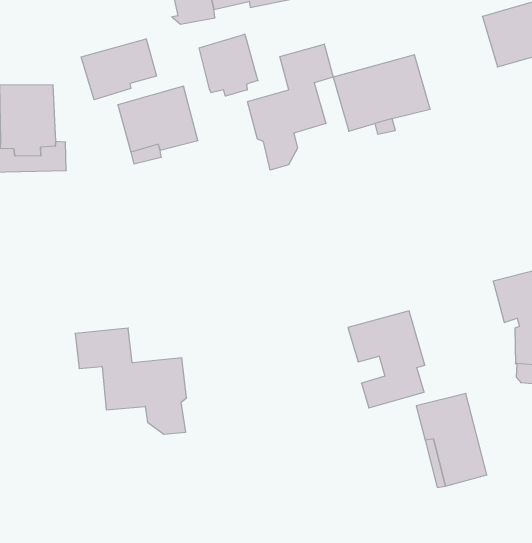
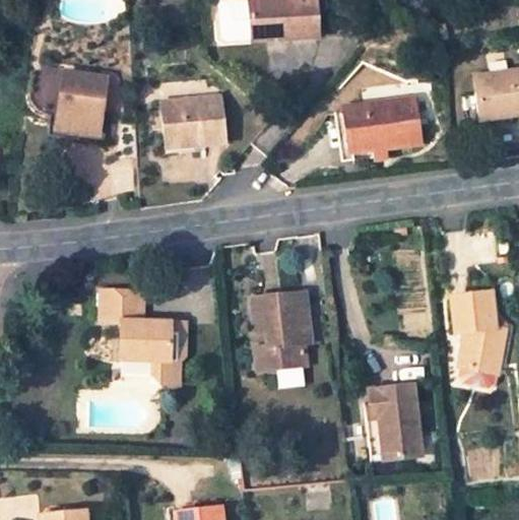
building: [199,34,258,96] -> none
building: [81,39,157,100] -> none
building: [247,44,333,170] -> none
building: [348,311,425,408] -> [252,292,311,368]

